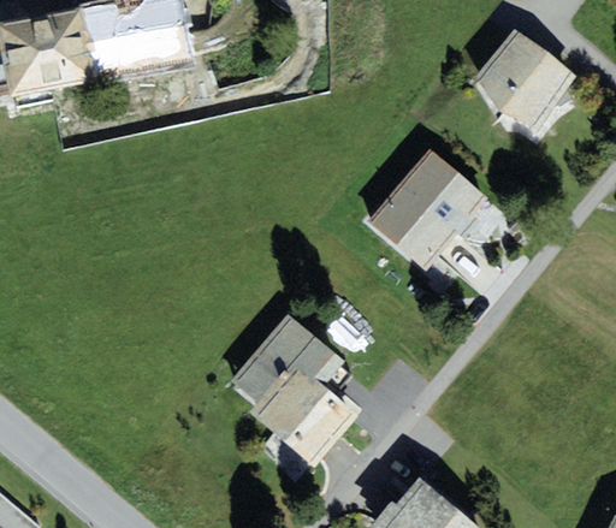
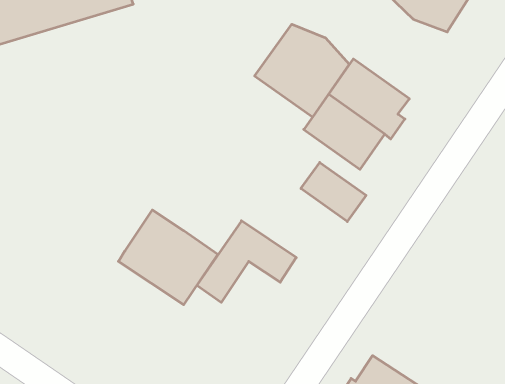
building: none -> [255,24,349,117]
building: none -> [301,162,366,222]
building: [248,360,359,468] -> [118,210,218,305]

